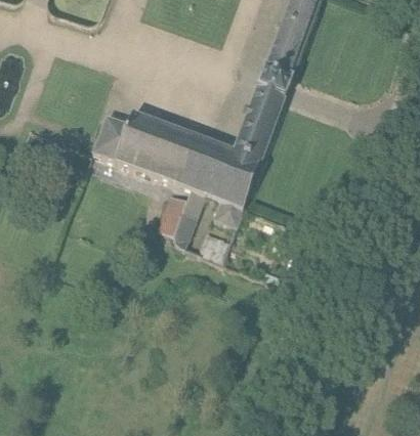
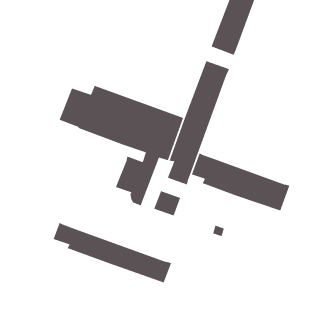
building: none -> [191,152,290,211]
building: none -> [52,222,172,283]

